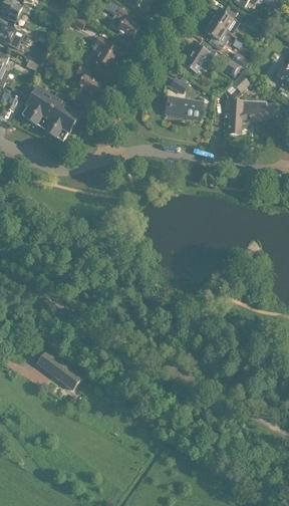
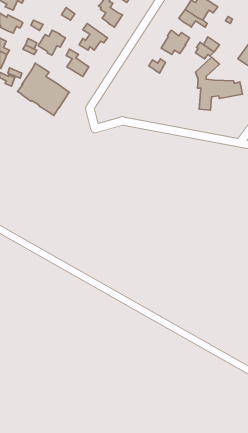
building: none -> [38,30,65,55]
building: [162,97,202,119] -> none
building: [36,350,80,389] -> none

